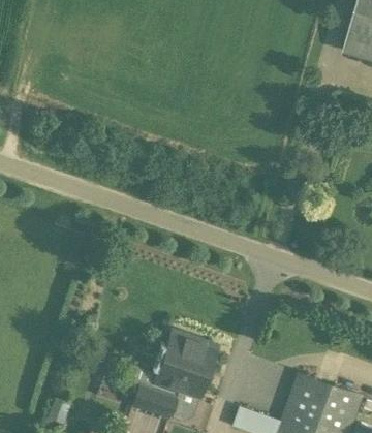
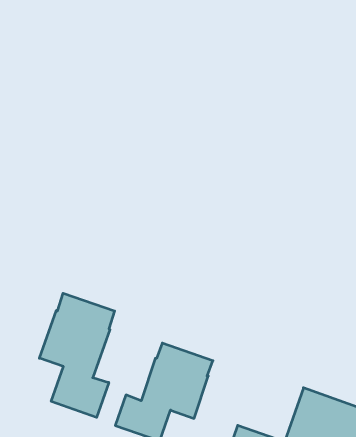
building: none -> [39,293,115,417]

